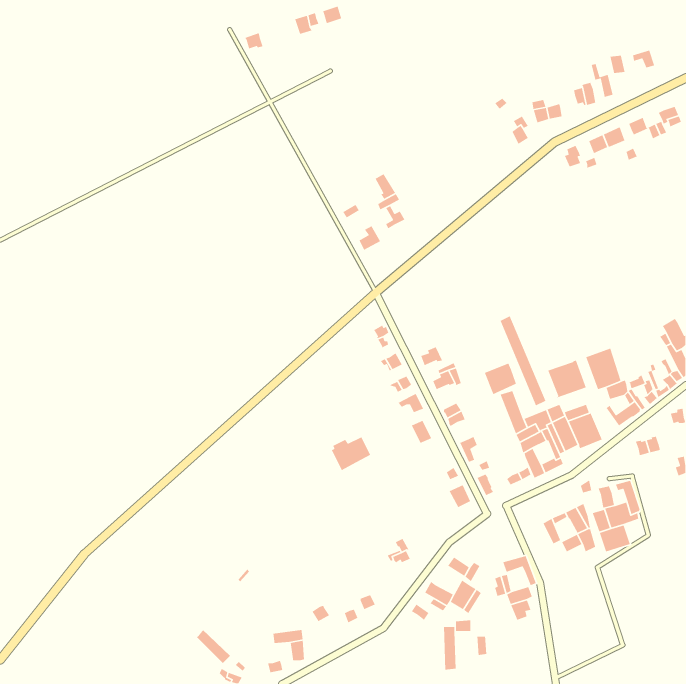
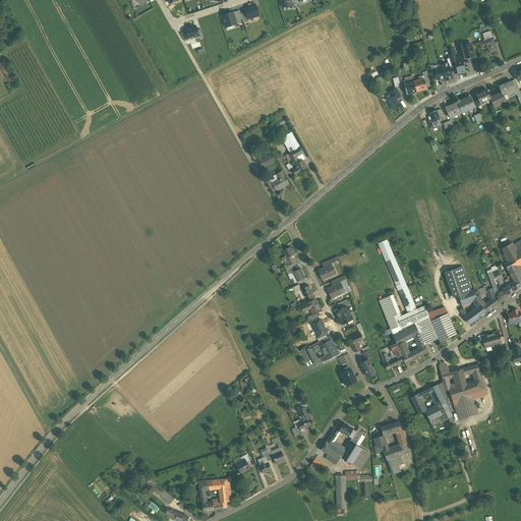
building: [547,360,587,398] -> none
building: [484,363,517,395] -> none
building: [331,436,371,471] -> [307,339,338,365]

